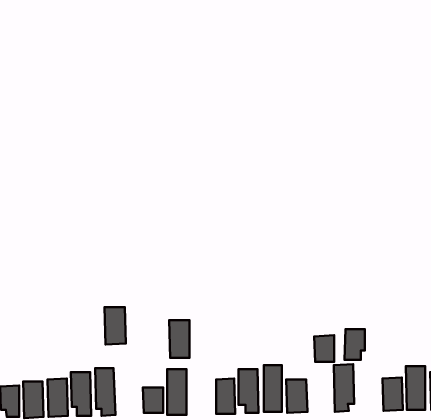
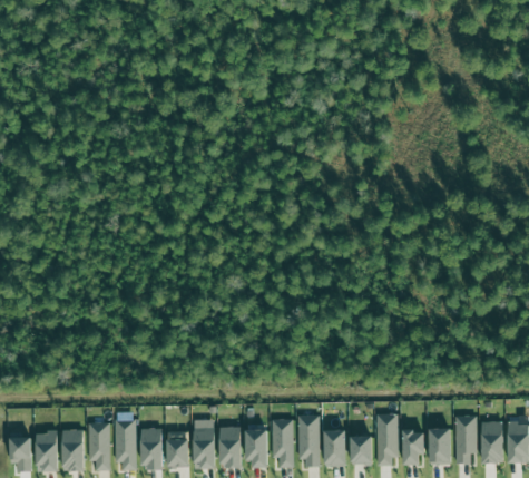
building: [104,307,126,345] -> [139,428,163,469]
building: [169,320,189,358] -> [218,427,241,468]
building: [345,329,365,360] -> [402,431,424,465]
building: [314,335,334,362] -> [350,436,372,465]

